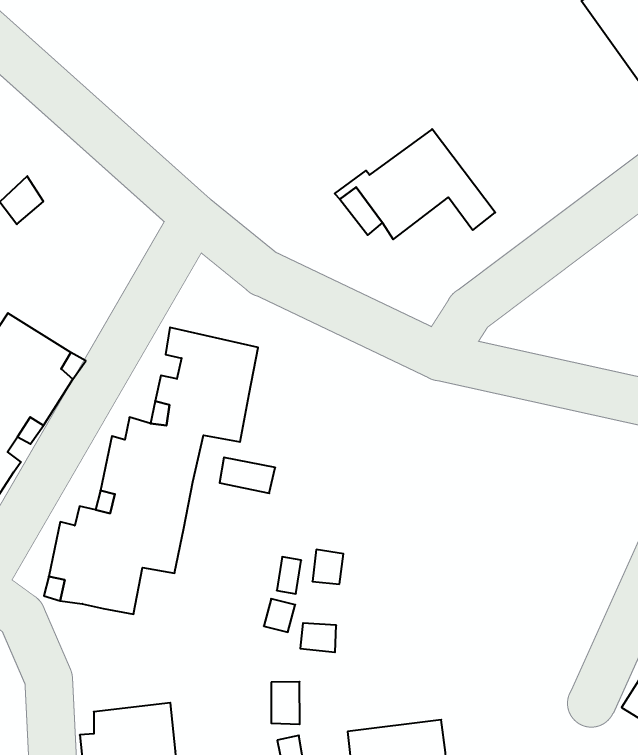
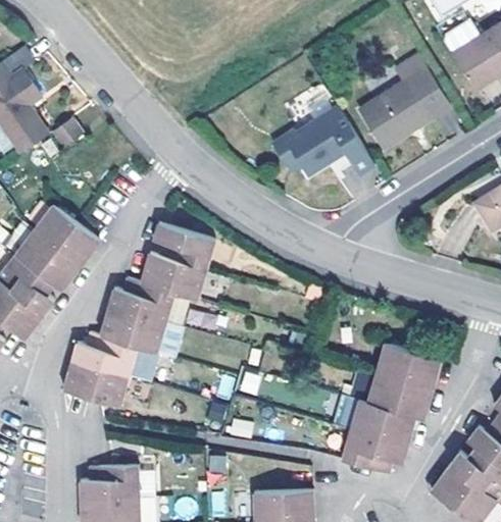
building: none -> [358,55,450,148]
building: none -> [333,342,441,473]

